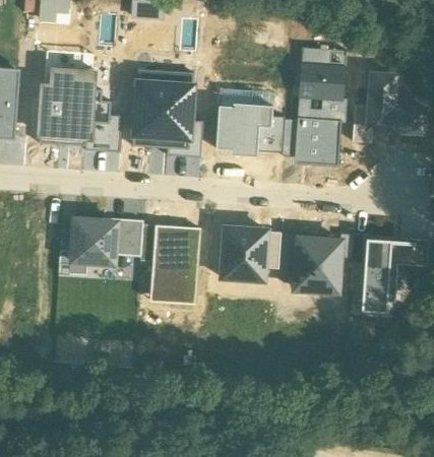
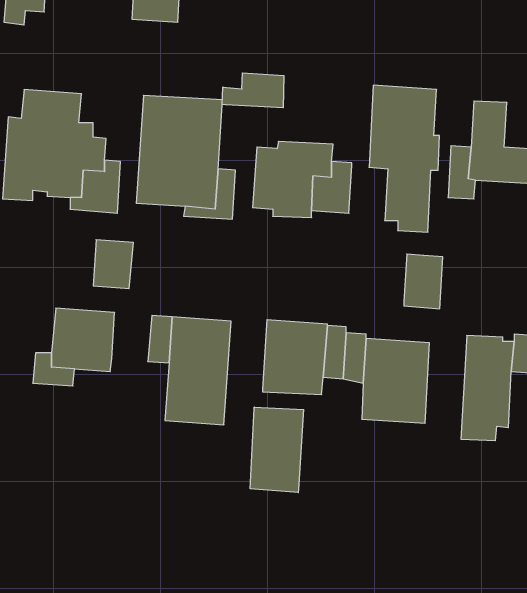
building: none -> [222,73,284,108]
building: [283,119,310,157] -> [404,254,443,309]
building: [115,222,143,257] -> [93,240,133,289]
building: none -> [250,407,304,493]

